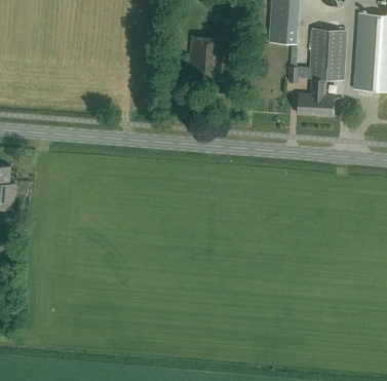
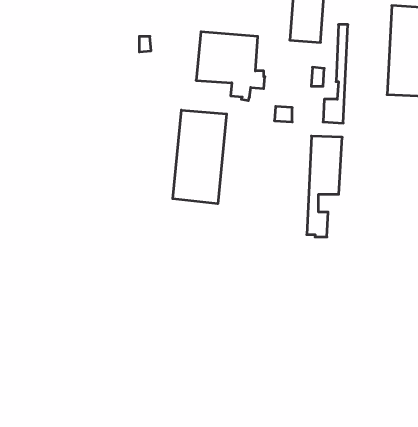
building: [315,29,346,116] -> [307,136,342,237]
building: none -> [173,110,227,204]

